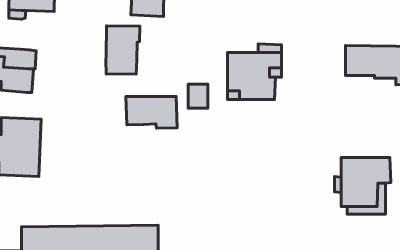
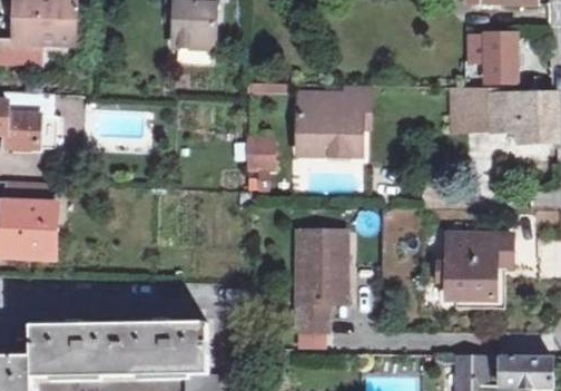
building: none -> [471,32,515,81]
building: [106,26,140,74] -> none
building: [126,97,177,128] -> none
building: none -> [296,229,346,330]

